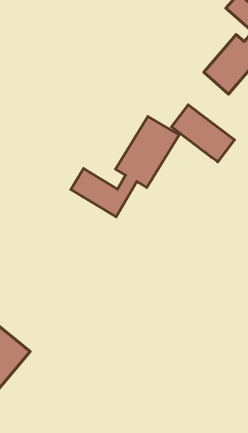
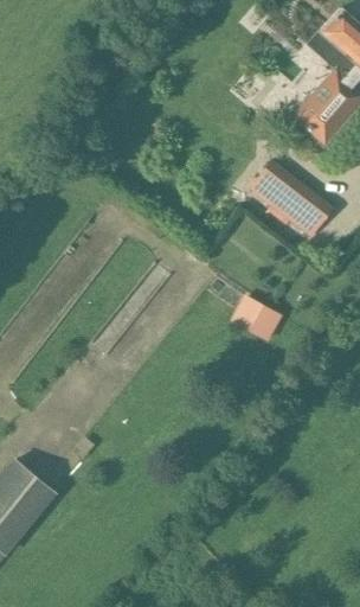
building: [71,117,179,217] -> none
building: none -> [230,294,283,341]

